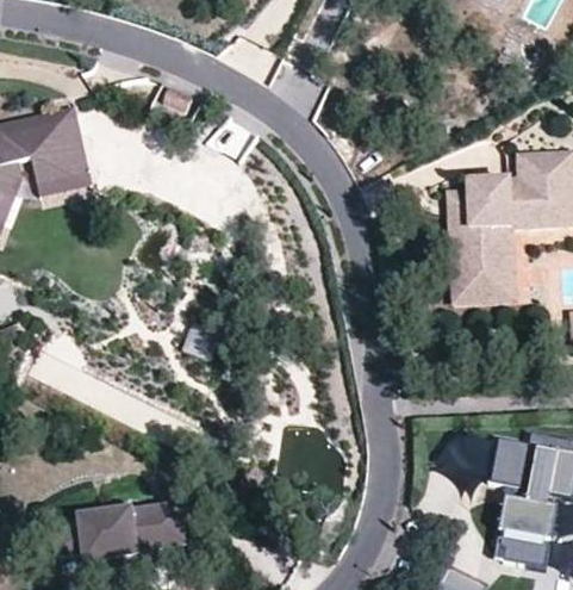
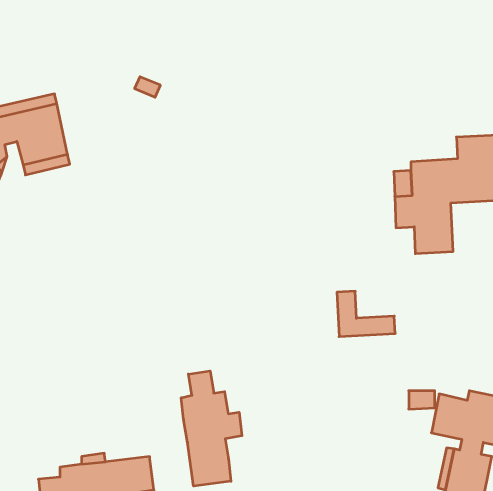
building: [451,253,516,303] -> [337,291,395,337]
building: none -> [181,371,242,486]

